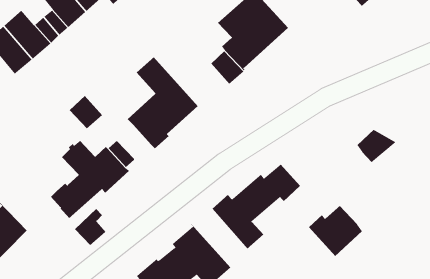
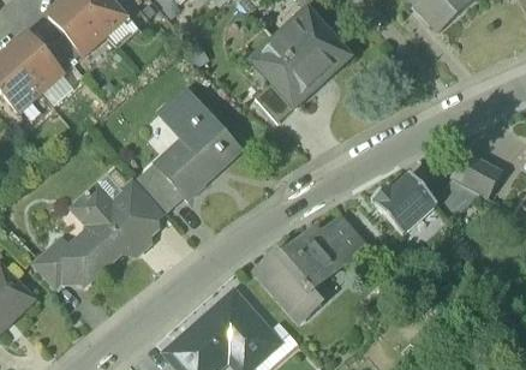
building: [69,95,103,129] -> [142,172,183,213]
building: none -> [449,148,502,196]
building: [308,205,363,257] -> [371,173,437,235]
building: [74,208,107,246] -> [34,243,73,288]

